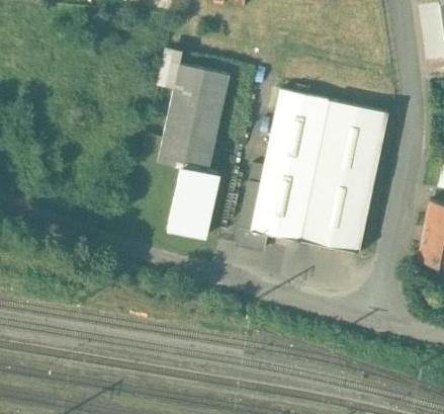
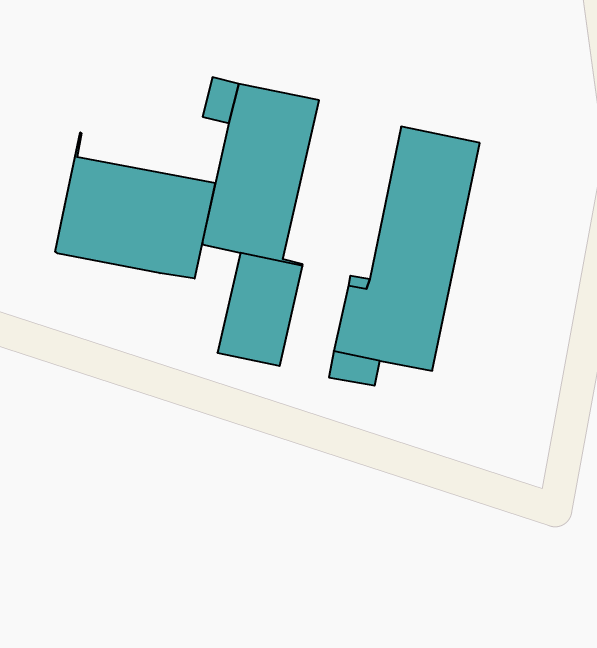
building: none -> [55,132,215,279]
building: [299,100,388,254] -> none

